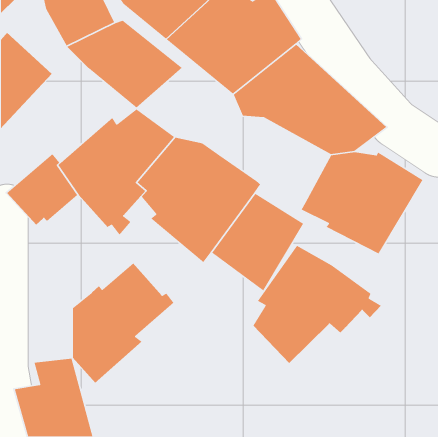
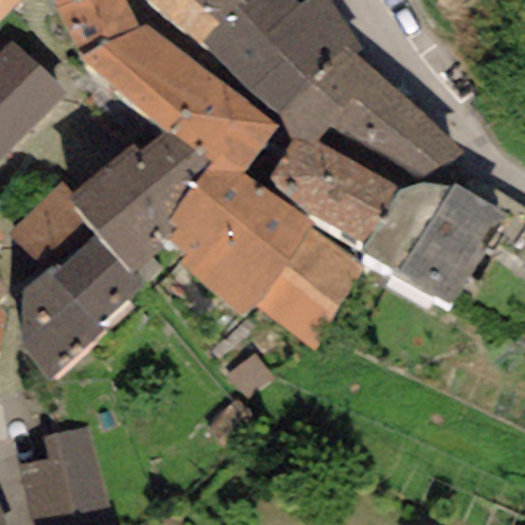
building: none -> [164,81,277,170]
building: none -> [264,138,396,241]
building: [252,245,382,364] -> none
building: [72,262,174,384] -> [22,233,144,377]

